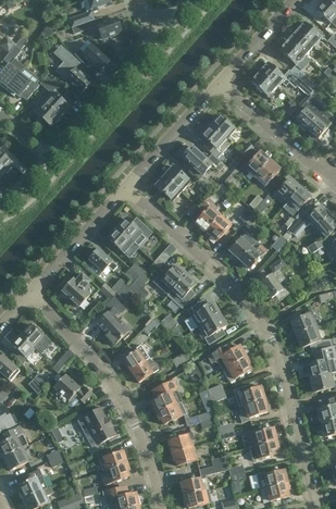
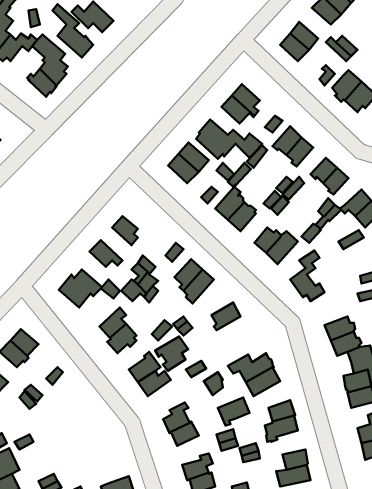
building: [116,216,151,246] -> none
building: [197,313,225,343] -> [155,337,188,371]
building: [53,374,91,402] -> none
building: [77,406,116,444] -> none

